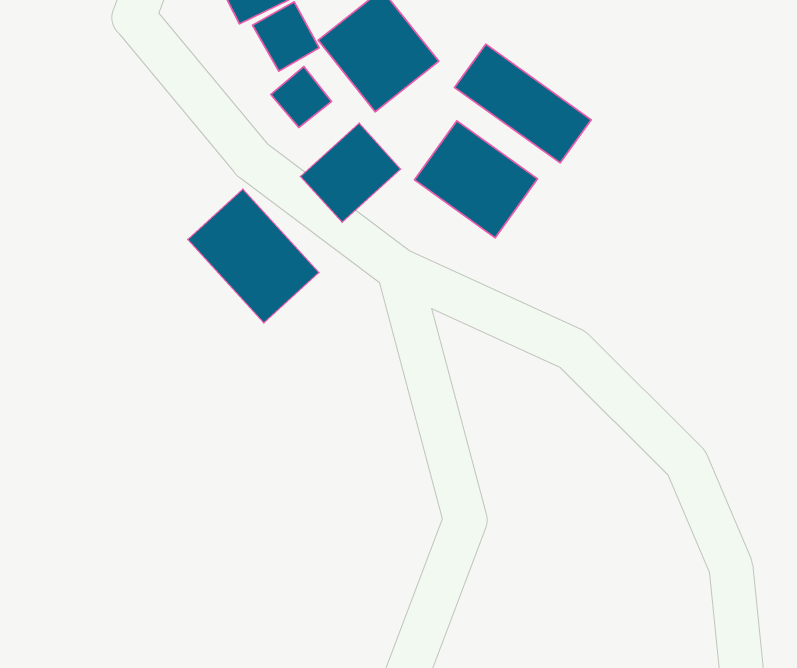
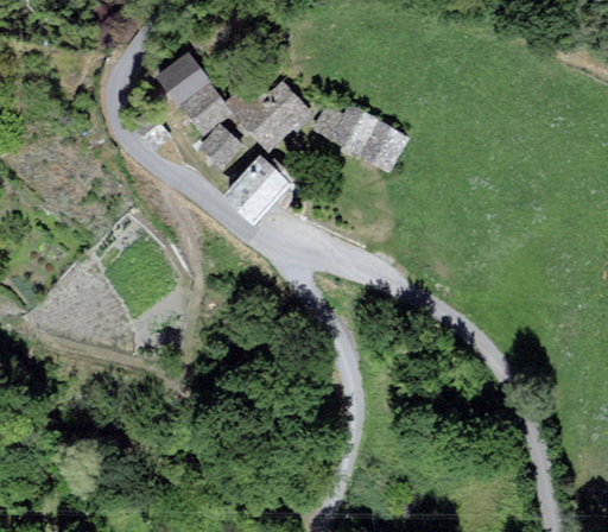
building: [414,121,538,238] -> none
building: [188,189,319,323] -> none

